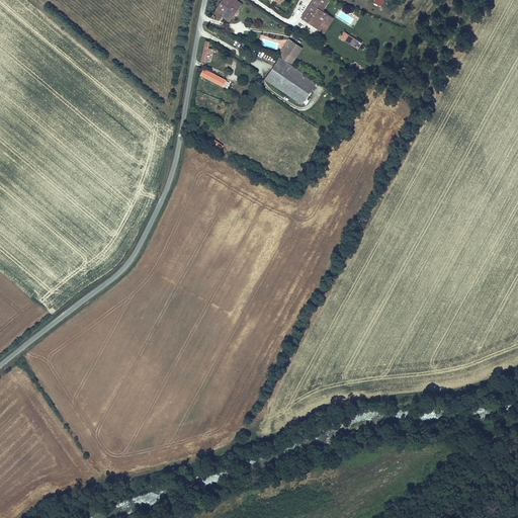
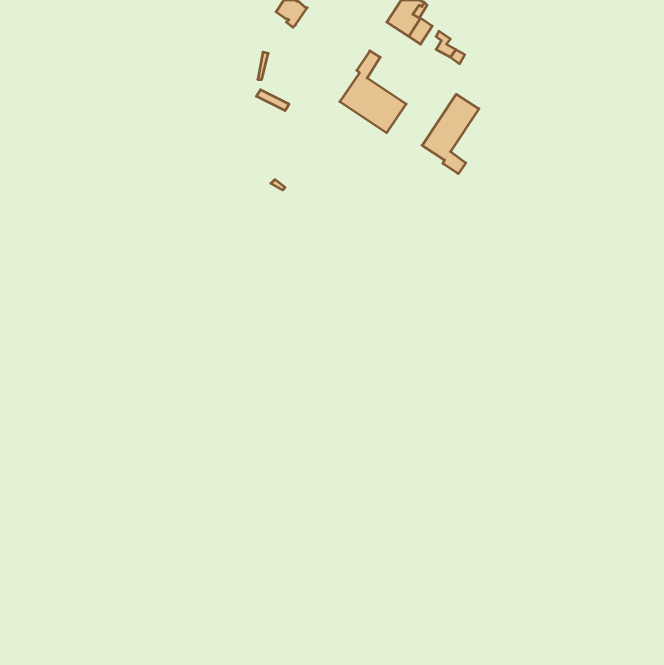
building: none -> [422,94,479,174]

